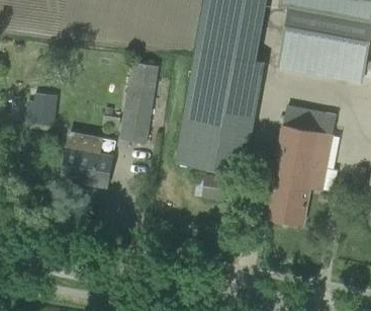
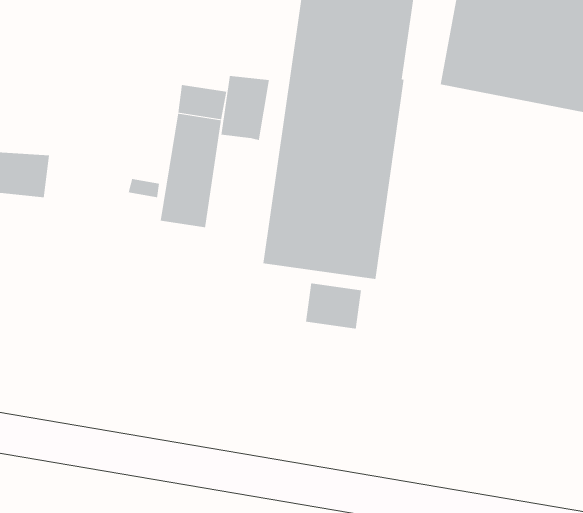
building: none -> [221,75,270,141]
building: [266,104,336,224] -> none
building: [62,132,113,186] -> none

